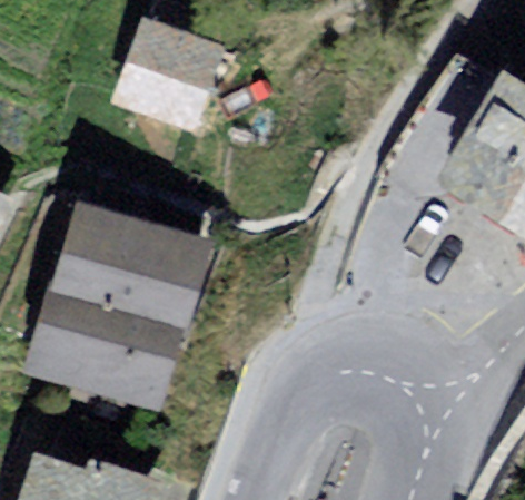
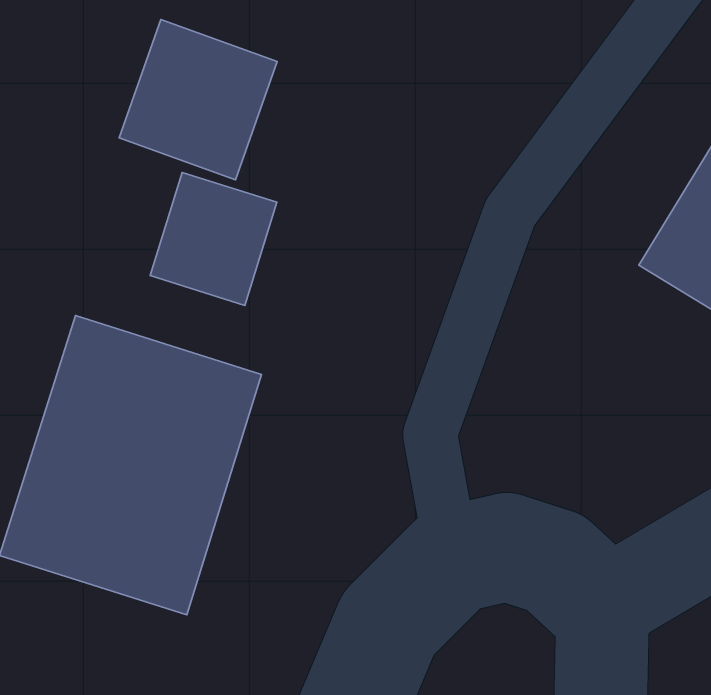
building: none -> [150,172,277,305]

